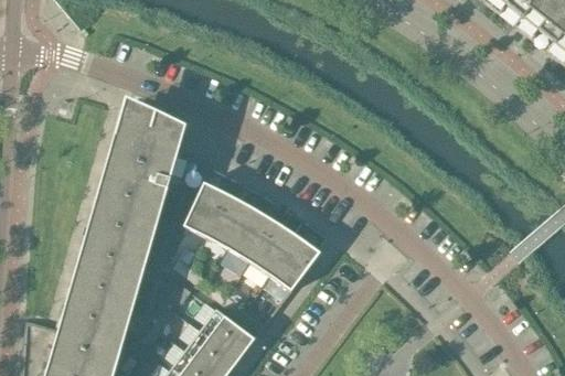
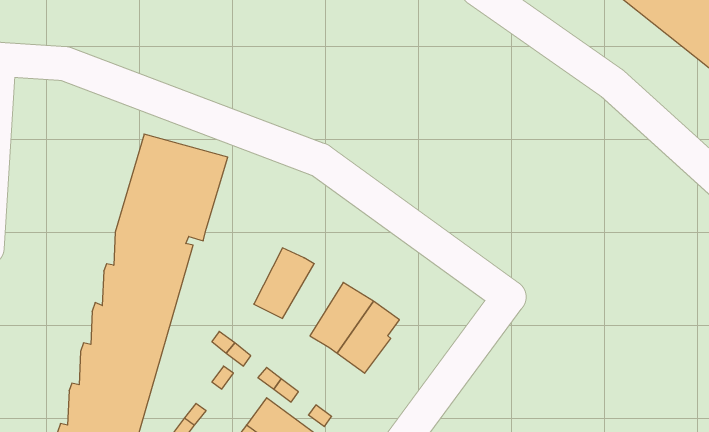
building: [184,183,230,239] -> none
building: [230,208,276,264] -> none

